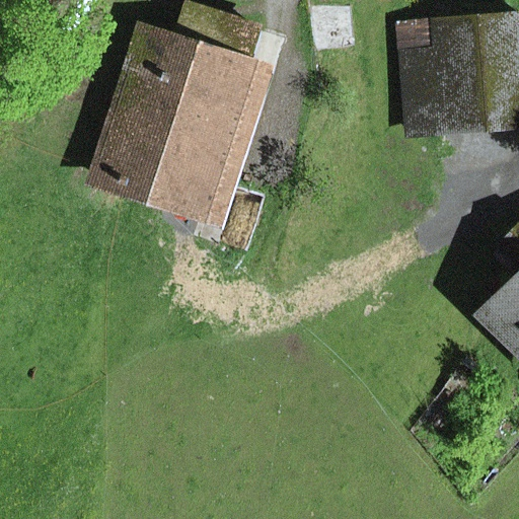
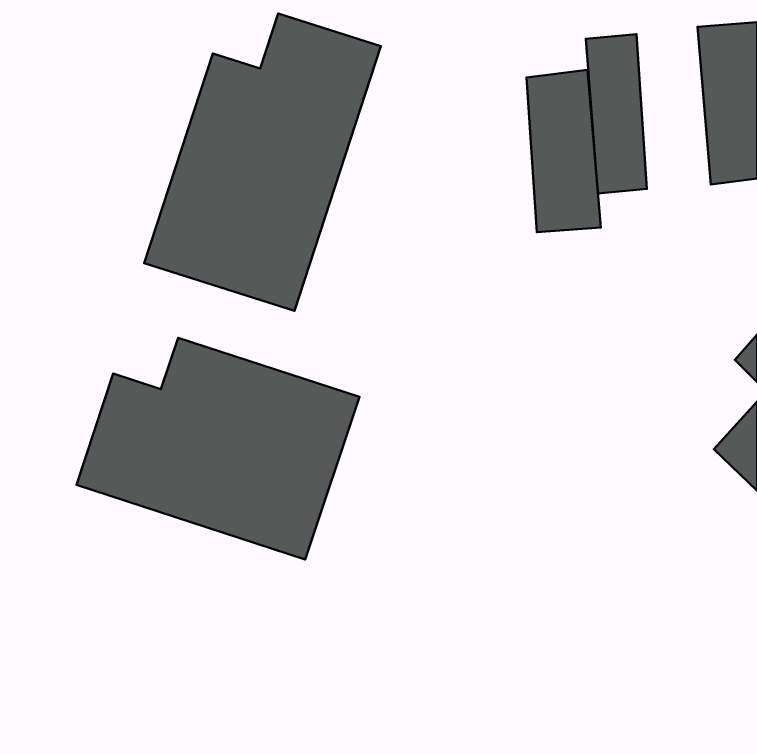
building: [434,22,485,133] -> [526,70,601,232]
building: none -> [76,338,359,559]

